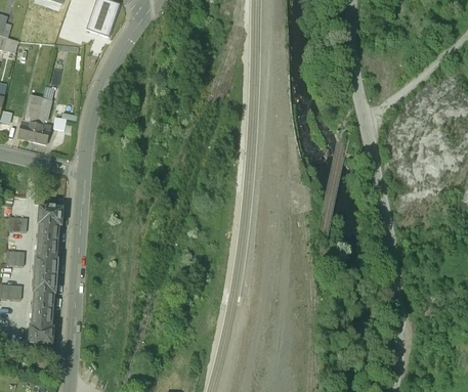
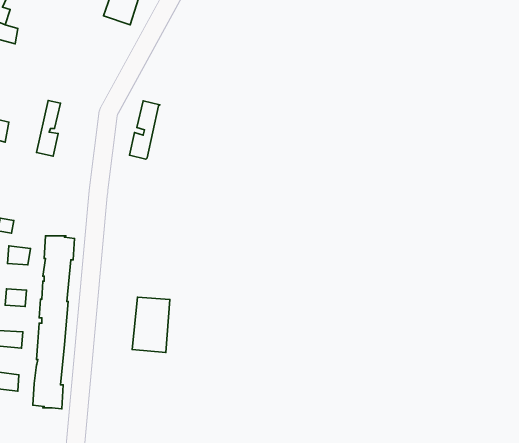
building: [17,93,42,140] -> [129,101,160,159]
building: none -> [132,297,170,352]

